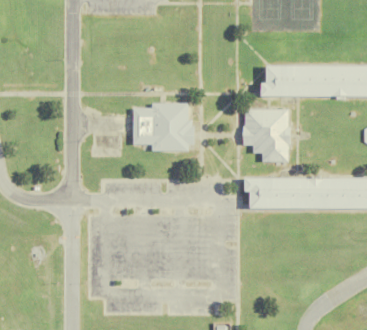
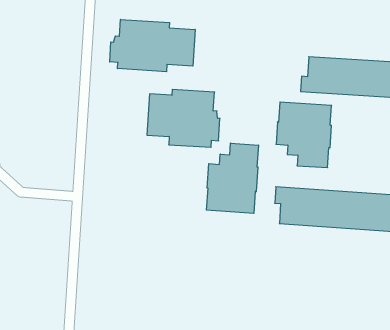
building: none -> [110,19,195,72]
building: none -> [207,143,258,213]

